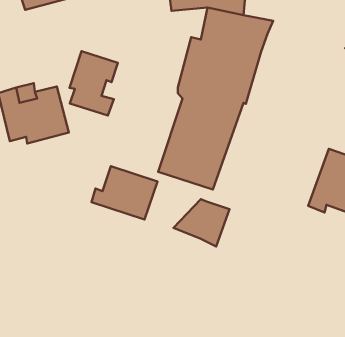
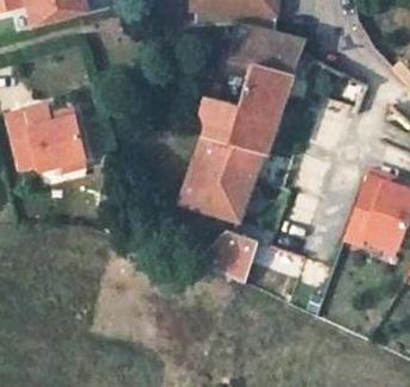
building: [69,51,118,115] -> none
building: [92,166,158,220] -> none

